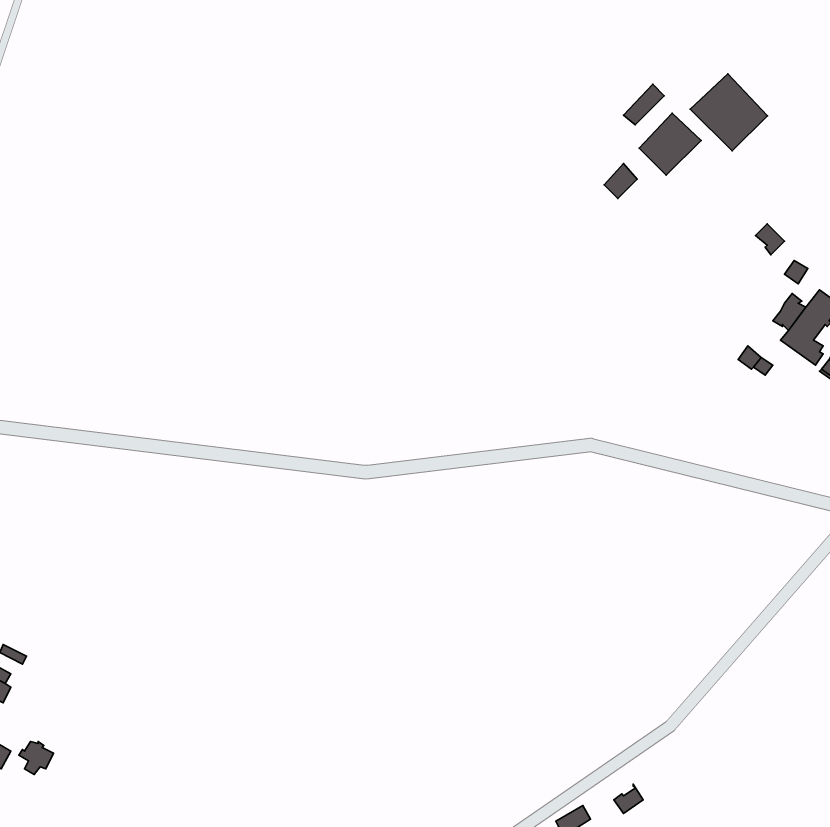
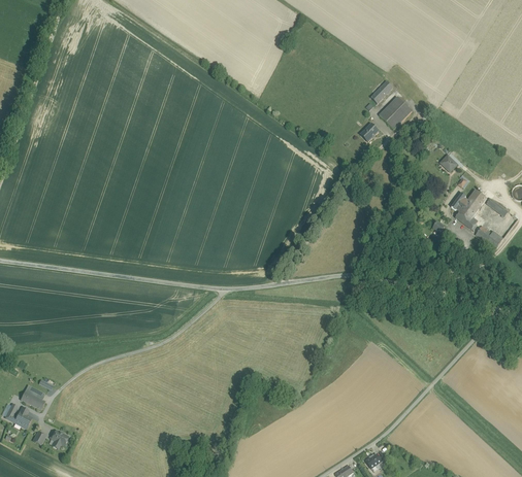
building: [690,74,767,151] -> none

